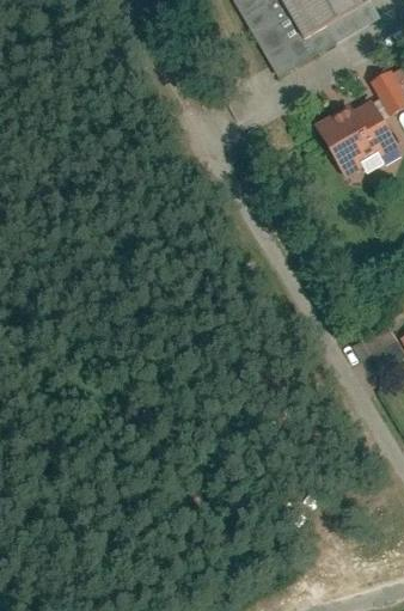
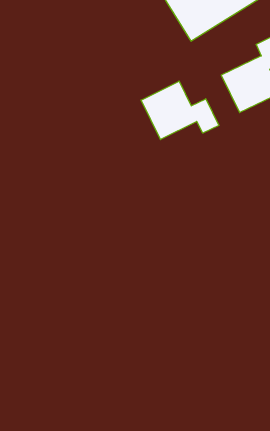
building: none -> [141,81,219,140]

